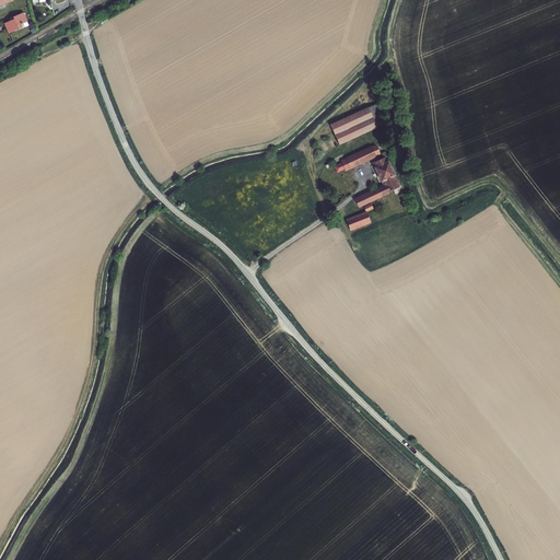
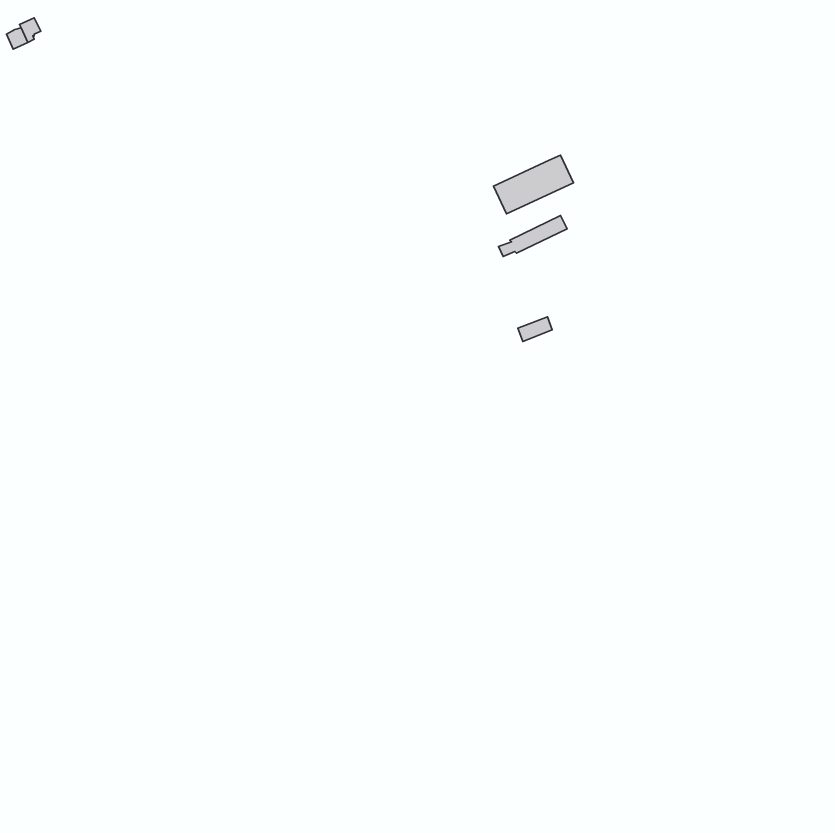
building: [355,150,398,206] -> none

